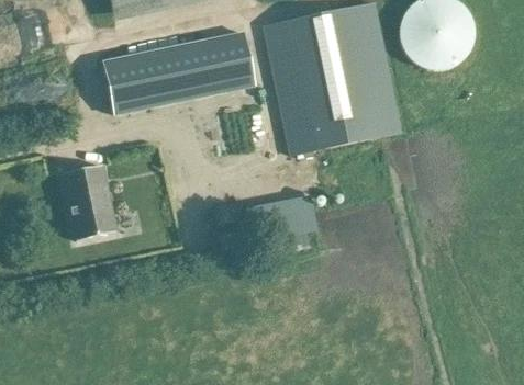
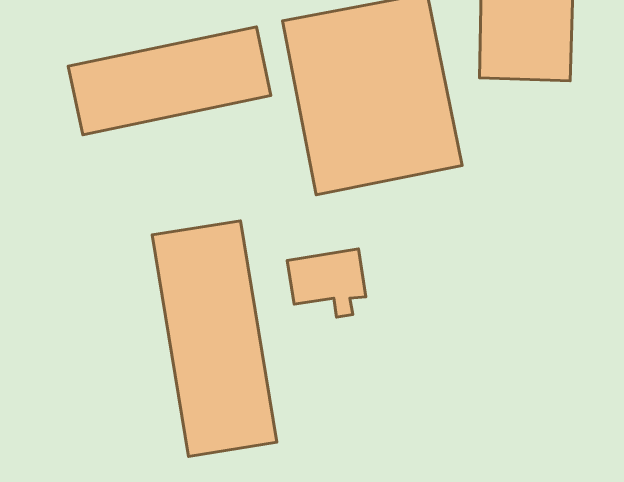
building: [59,163,113,238] -> none
building: none -> [152,221,277,456]

